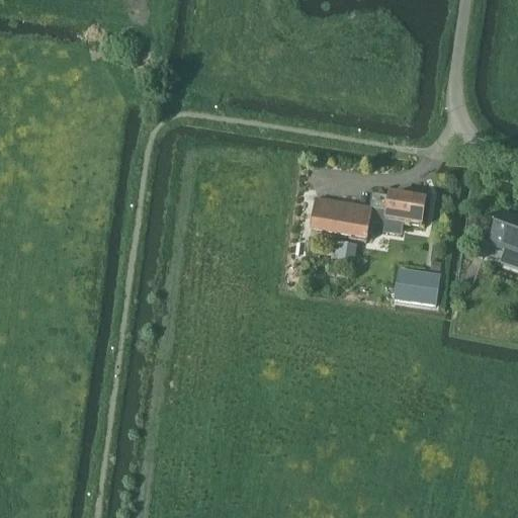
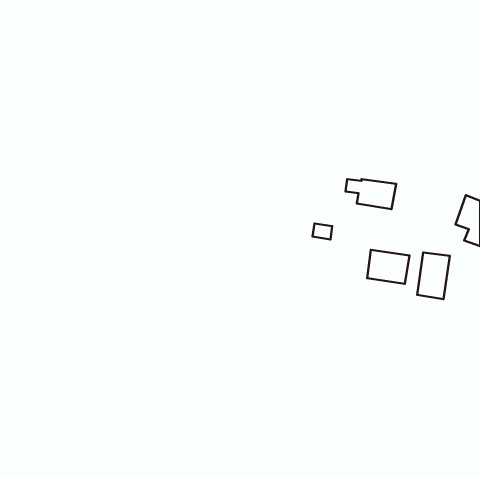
building: [311,197,372,239] -> none
building: none -> [417,253,450,299]

